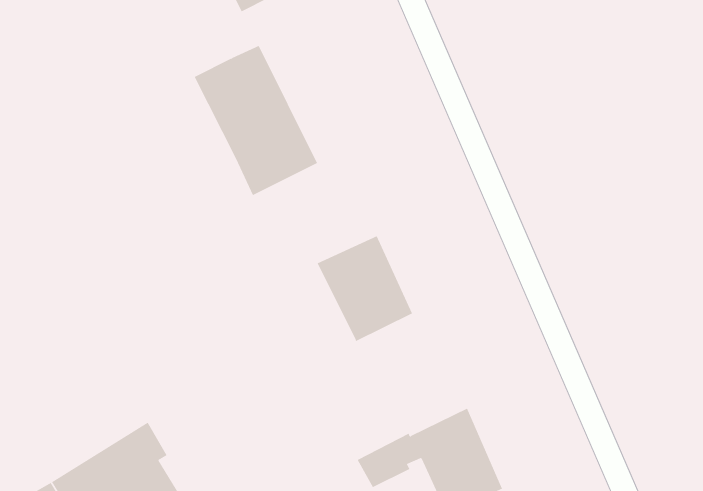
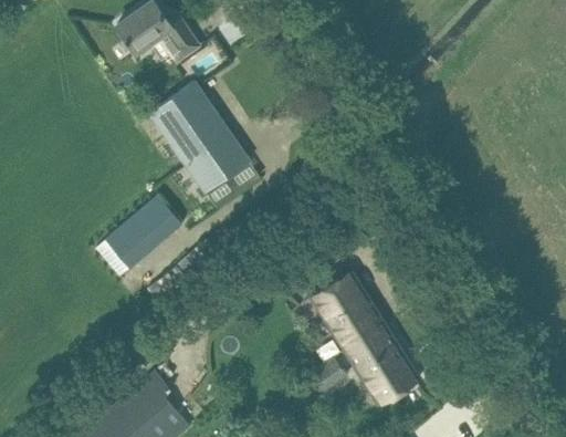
building: none -> [94,194,185,279]
building: [317,236,413,342] -> [310,272,385,352]

